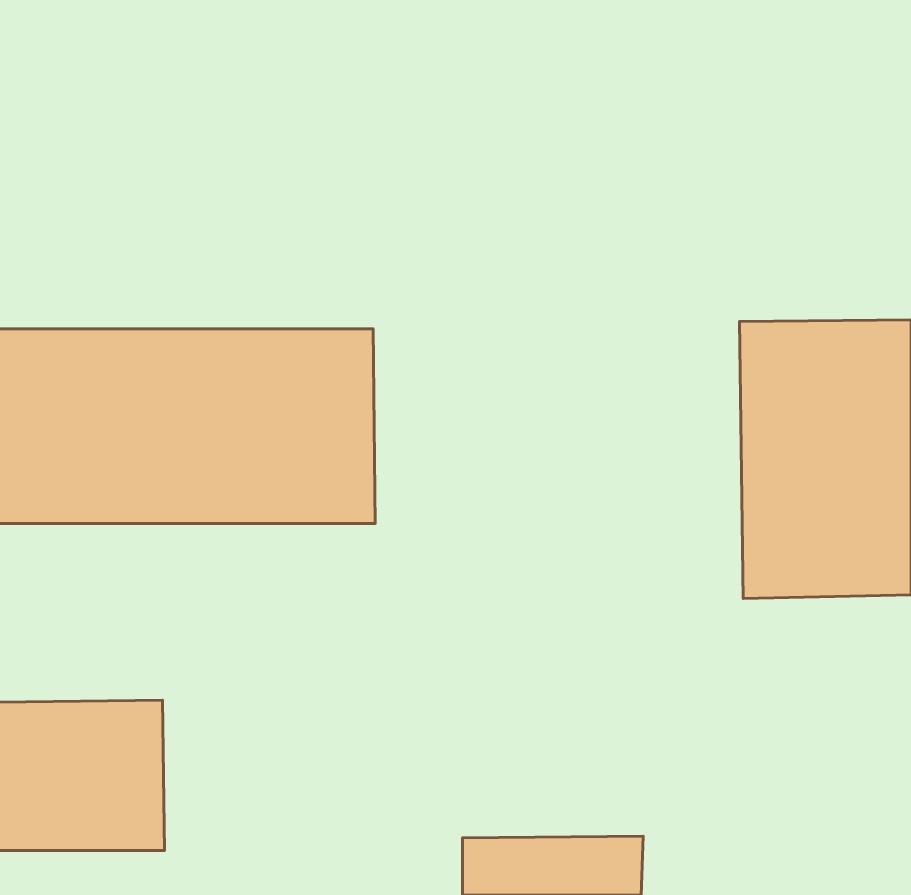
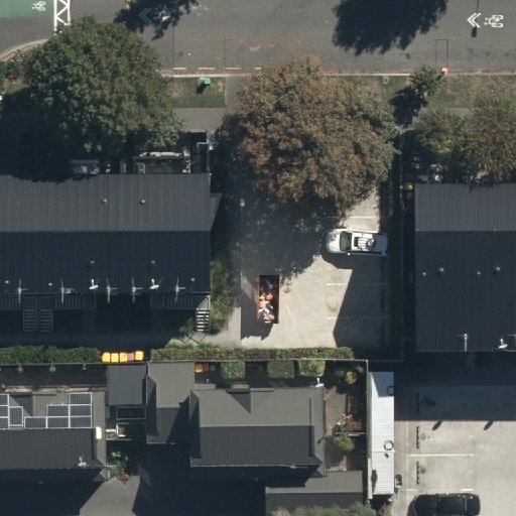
building: none -> [156,360,320,468]

